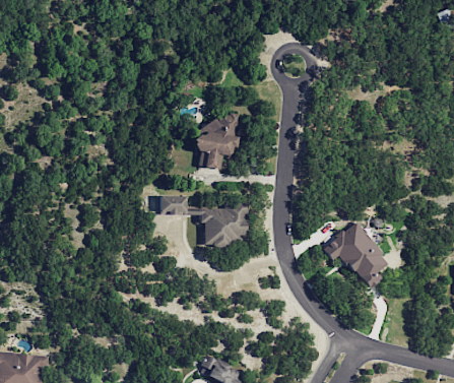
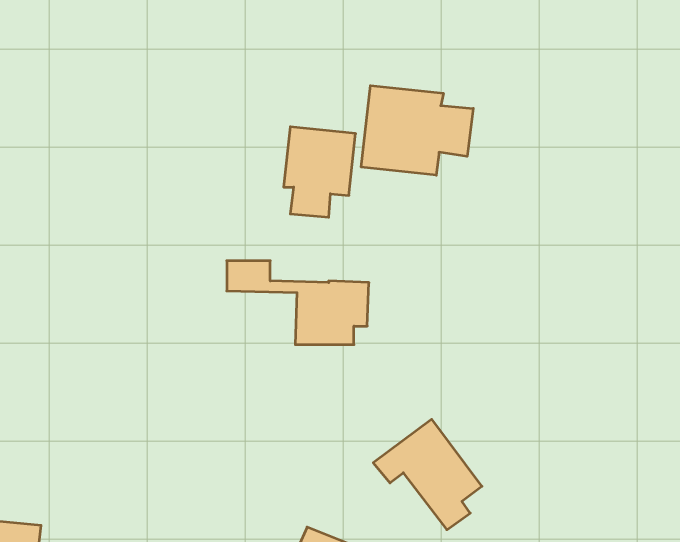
building: none -> [361,86,473,175]
building: [322,221,388,289] -> [373,419,482,530]

